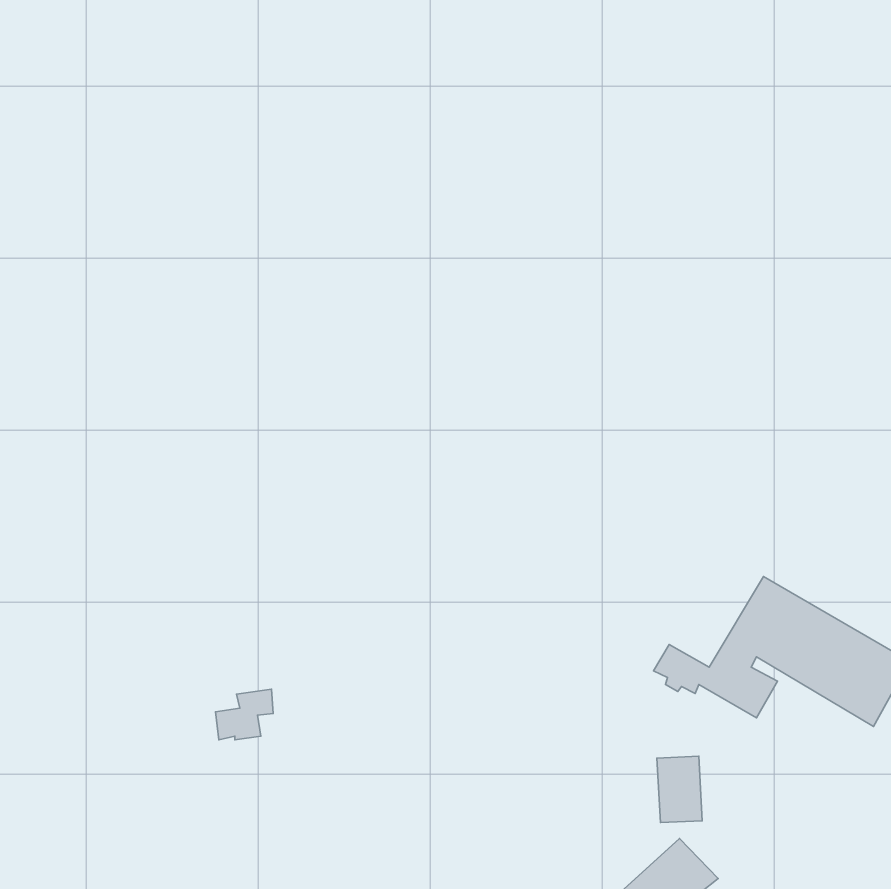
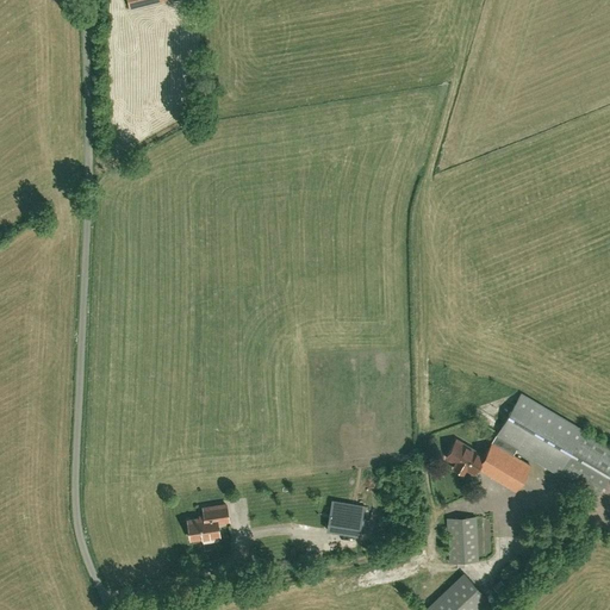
building: [215,689,273,740] -> [189,506,229,541]
building: none -> [329,503,366,536]

